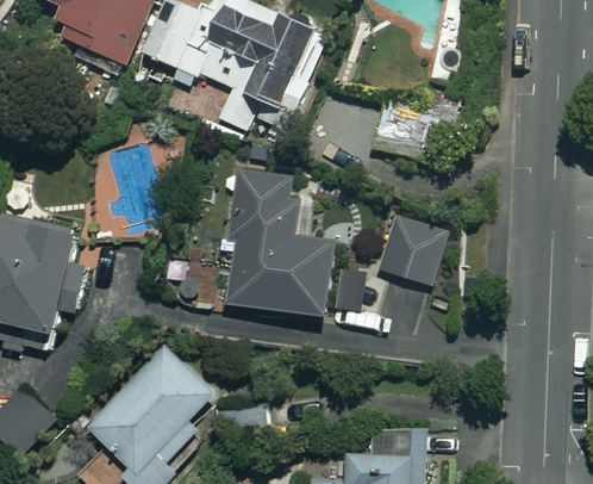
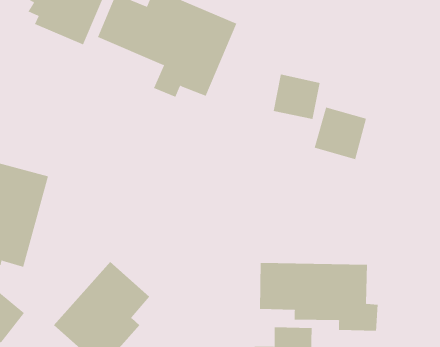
building: [225,169,336,316] -> none
building: [376,216,445,285] -> [314,107,367,160]
building: none -> [259,262,378,332]

